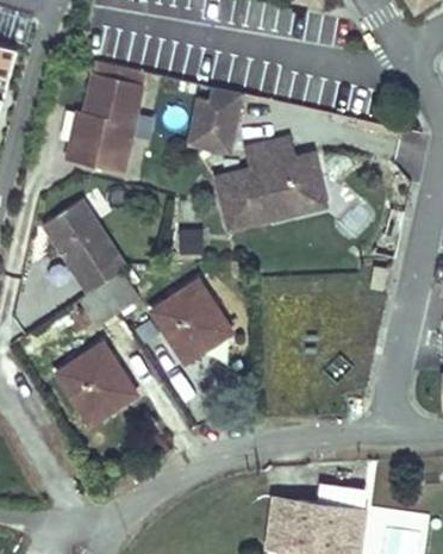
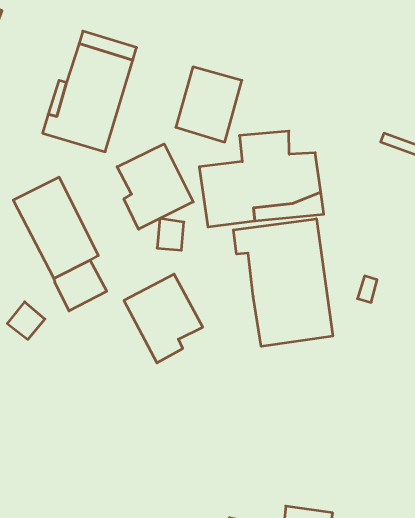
building: none -> [117,144,193,229]
building: none -> [233,219,333,346]
building: [58,341,137,424] -> none

